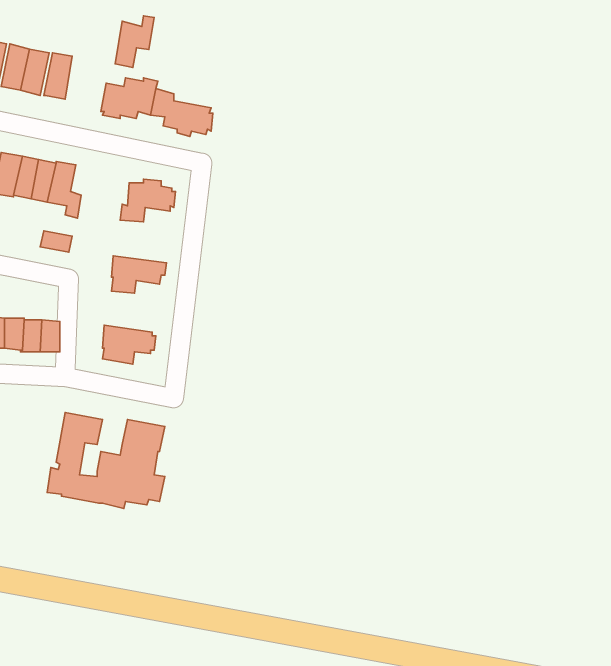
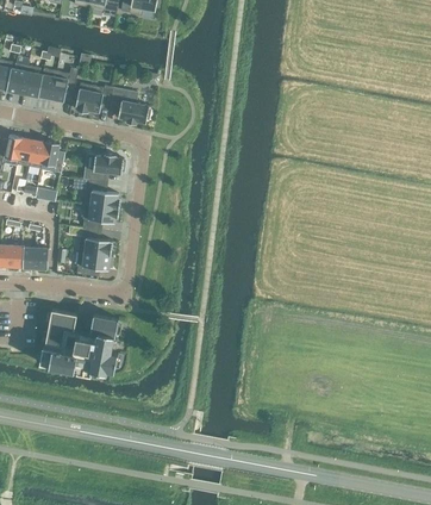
building: [115,16,154,67] -> [51,68,77,102]
building: none -> [83,181,120,210]
building: none -> [77,229,112,256]

